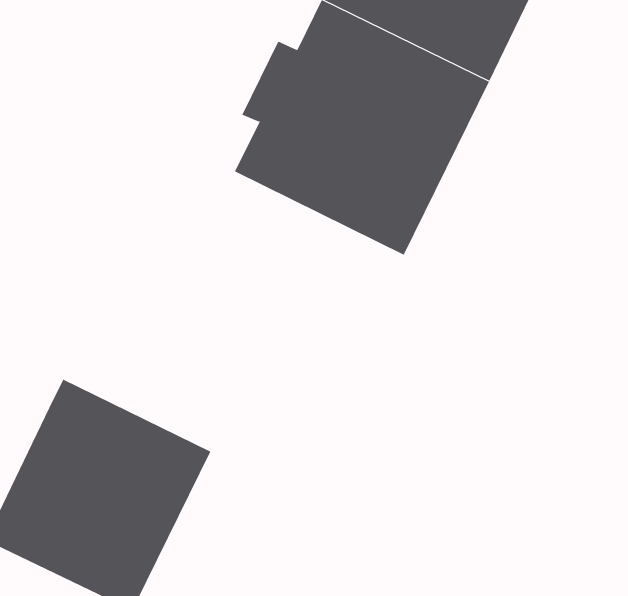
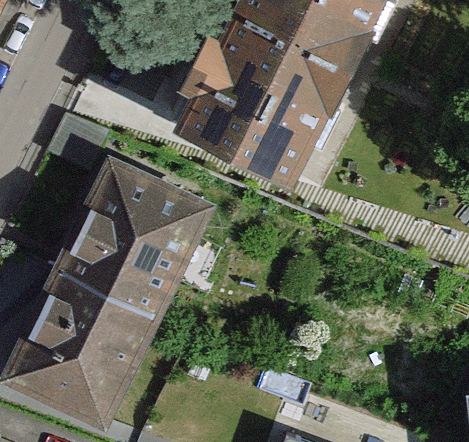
building: none -> [57,157,213,318]

